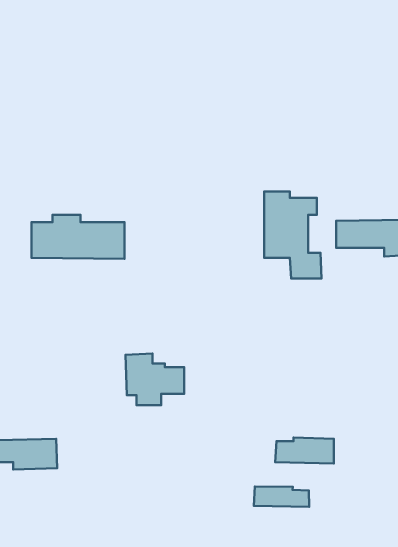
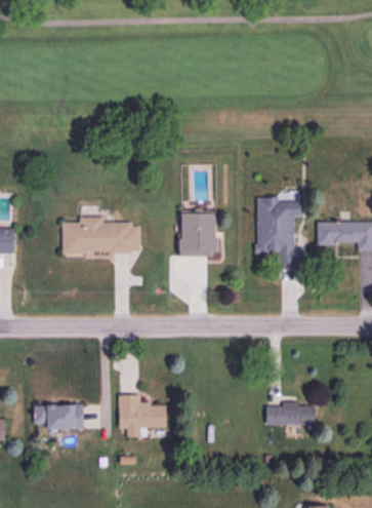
building: none -> [179,213,217,256]
building: [126,354,184,405] -> [117,394,166,437]
building: [254,486,309,507] -> none

